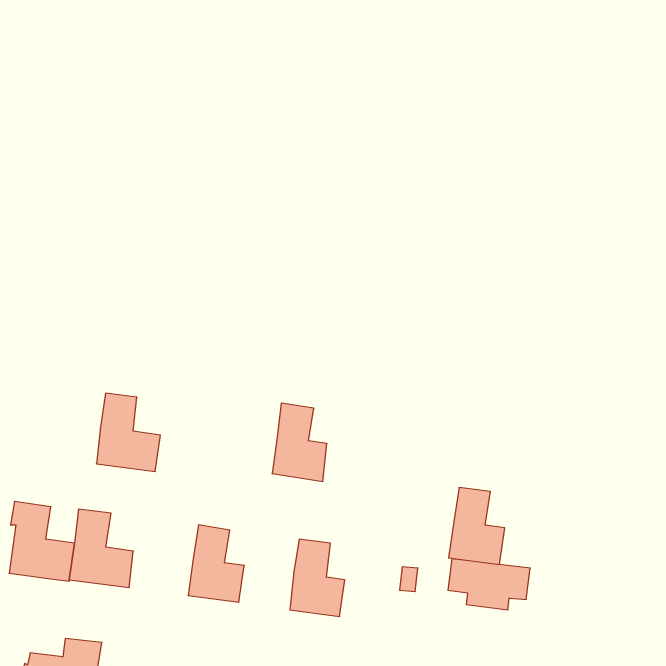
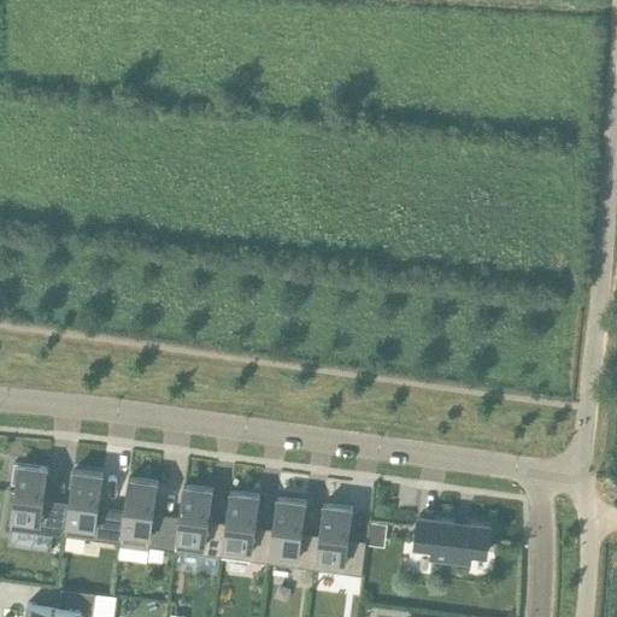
building: [96,393,160,472] -> [119,478,178,551]
building: [272,403,327,481] -> [221,492,271,564]
building: [449,487,505,564] -> [313,505,365,576]

